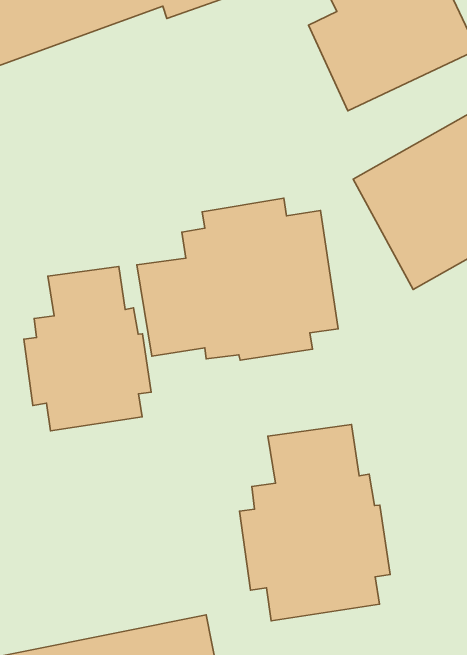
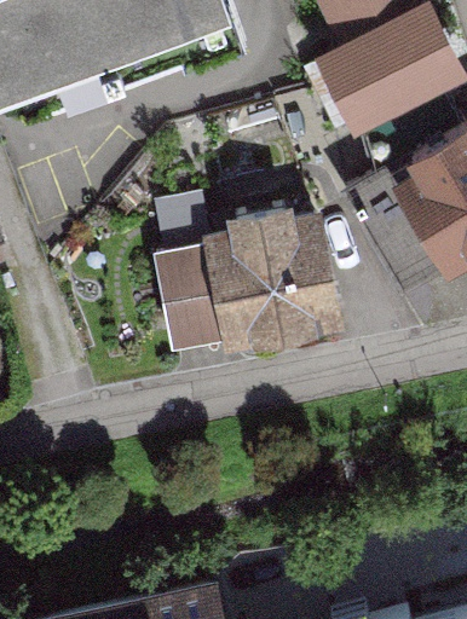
building: [24,267,151,431] -> none
building: [240,425,390,621] -> none

